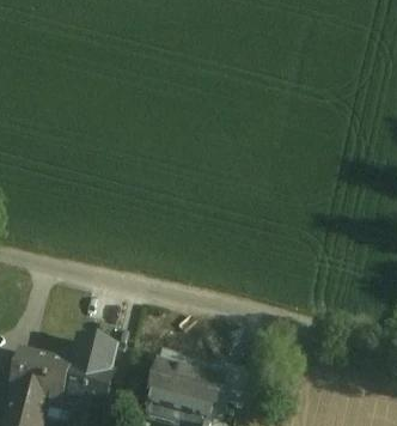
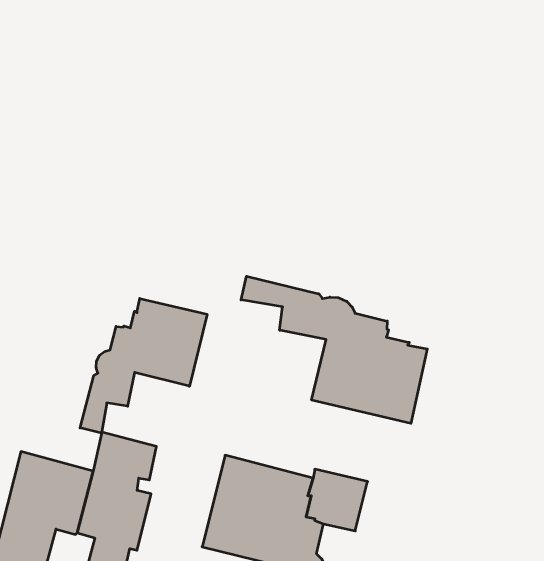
building: none -> [241,276,427,423]
building: none -> [80,298,207,433]

